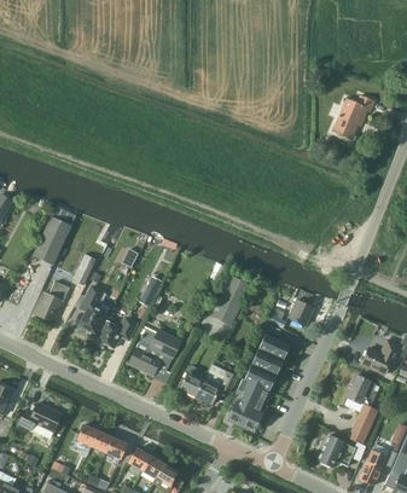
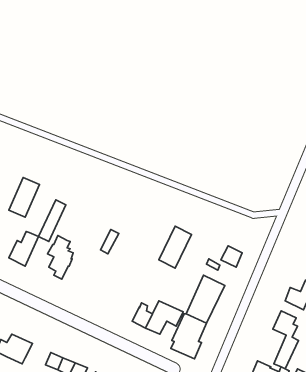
building: [335,94,376,137] -> none
building: [95,317,138,347] -> none
building: [129,329,181,375] -> none

